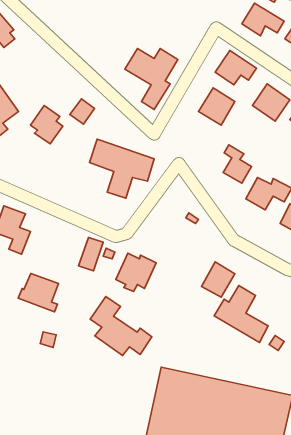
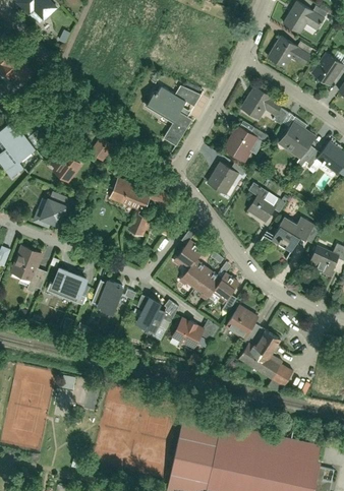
building: none -> [206,160,240,195]
building: none -> [32,196,70,229]
building: [18,274,58,312] -> [46,266,88,306]
building: none -> [171,317,204,348]
building: [90,297,152,356] -> [173,239,237,300]

